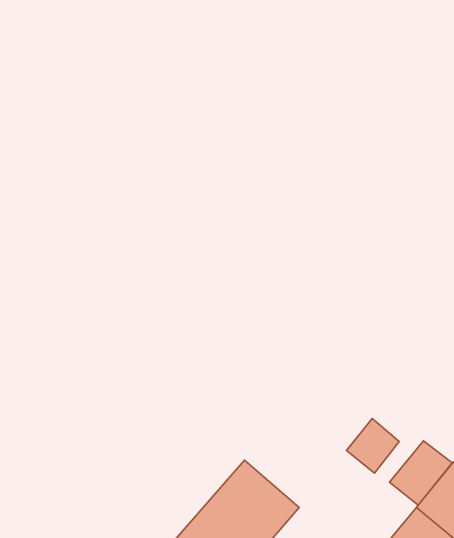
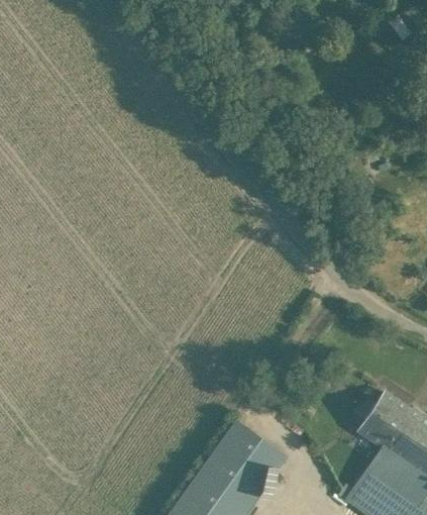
building: [346,419,399,473] -> none

